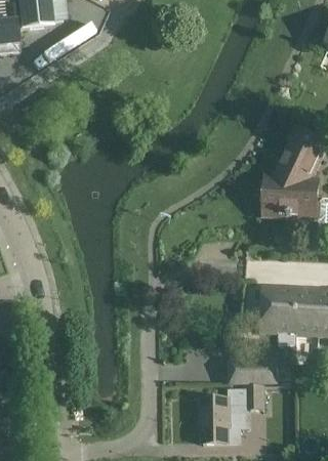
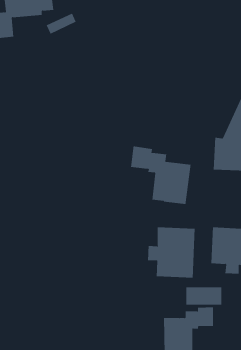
building: none -> [131,145,191,205]
building: none -> [148,226,195,279]

